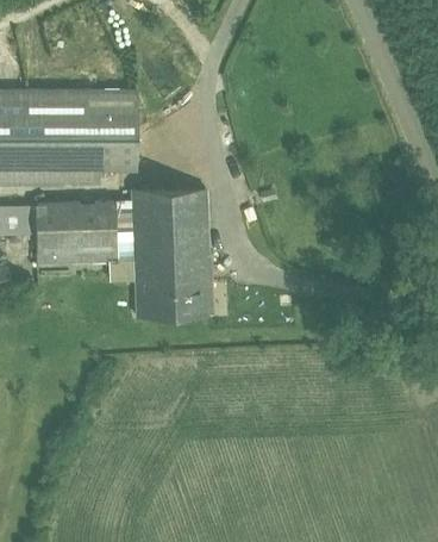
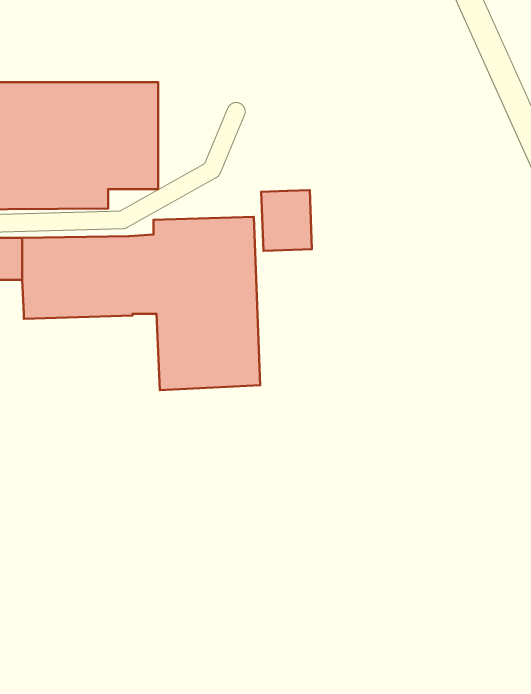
building: none -> [261,190,312,251]

